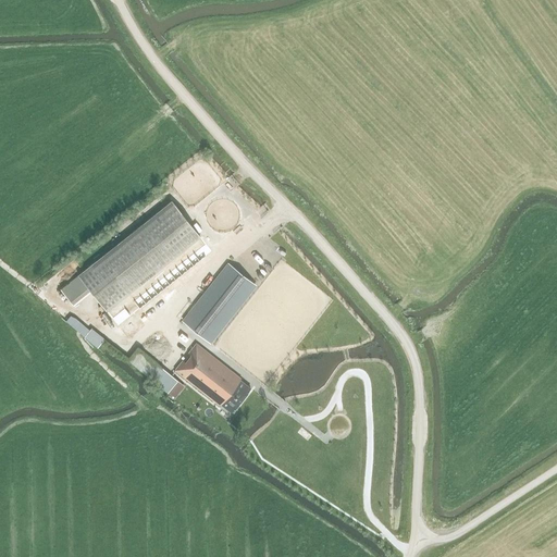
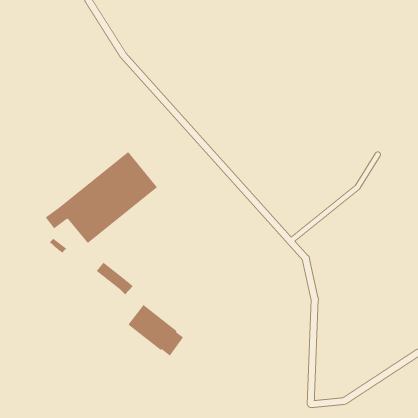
building: [183,264,255,343] -> none
building: [175,344,250,413] -> [127,304,184,356]

